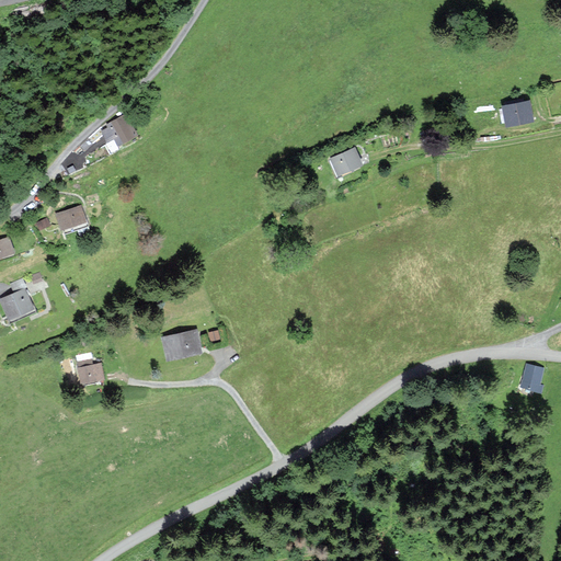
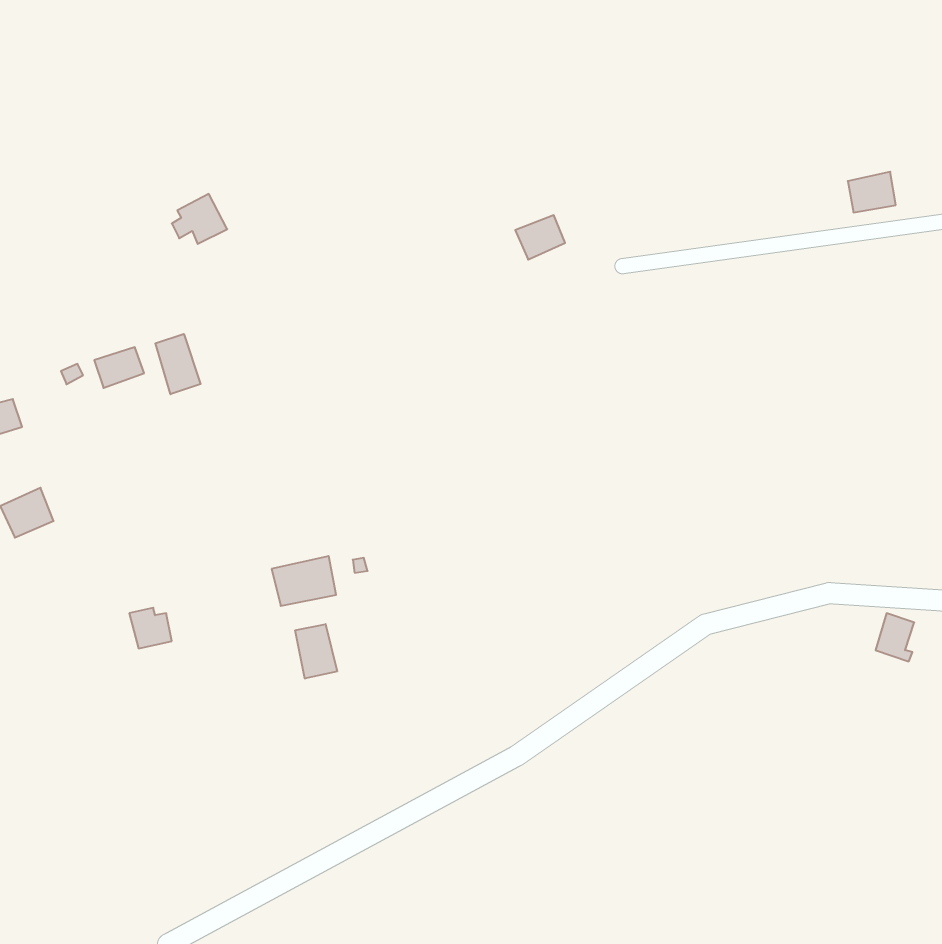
building: [331,149,360,175] -> [515,215,565,260]
building: none -> [155,334,201,394]
building: none -> [295,624,337,679]

